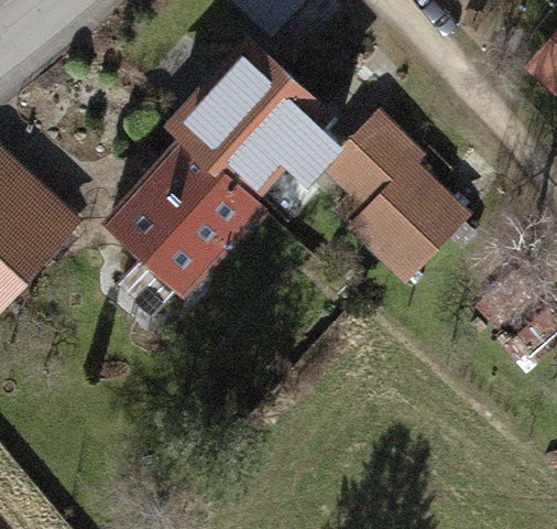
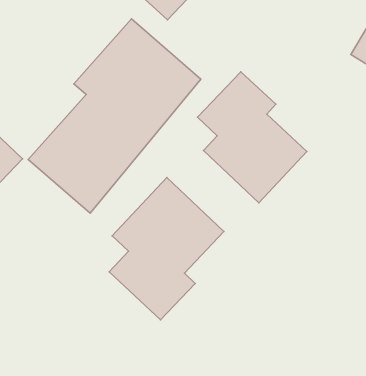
building: none -> [109,178,224,320]

